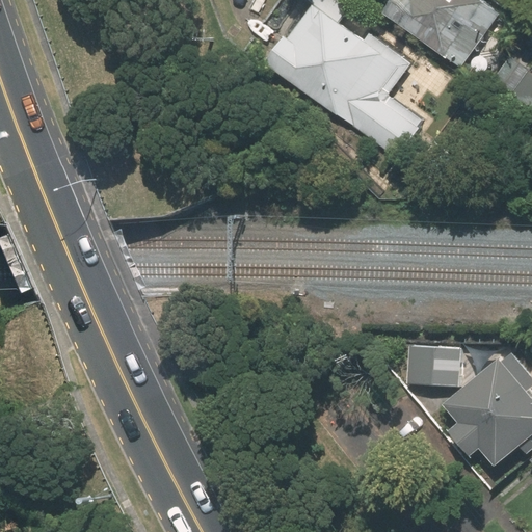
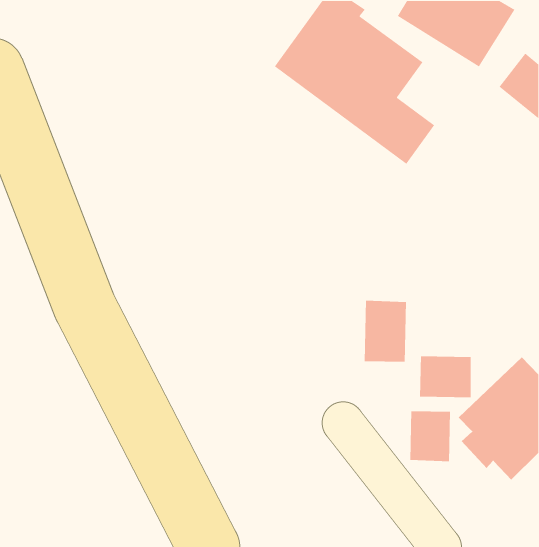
building: none -> [364,300,407,363]
building: none -> [410,411,451,462]

